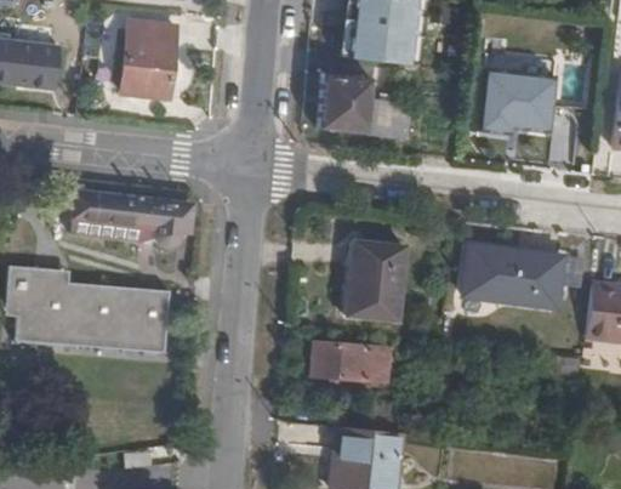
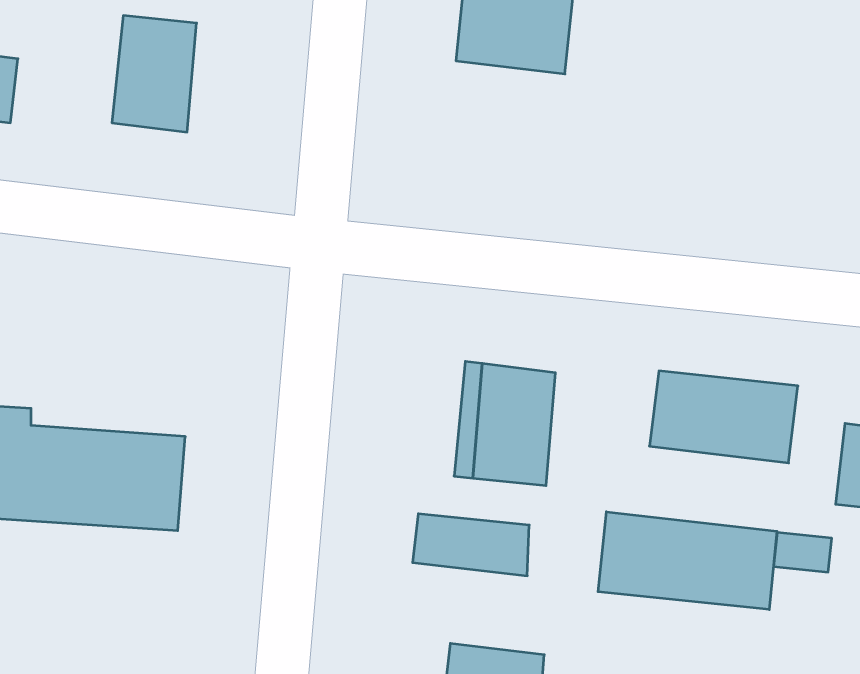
building: [477,70,557,136] -> none
building: [319,75,412,141] -> none
building: [76,191,194,251] -> none
building: none -> [598,512,777,610]

